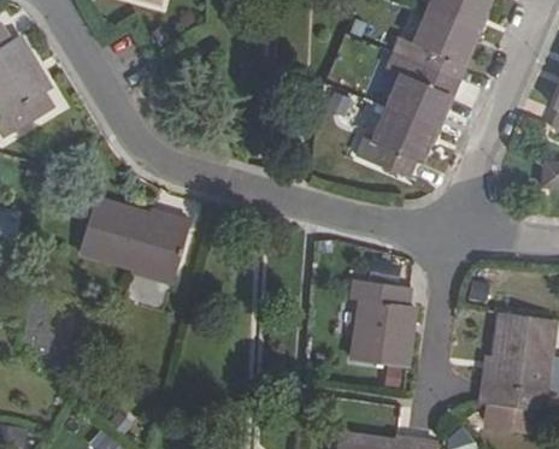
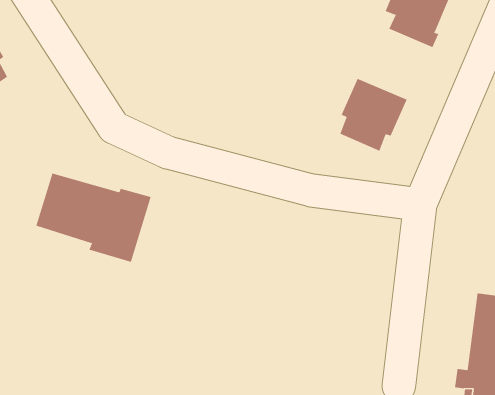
building: [387,60,459,128] -> none
building: [352,278,414,367] -> none

